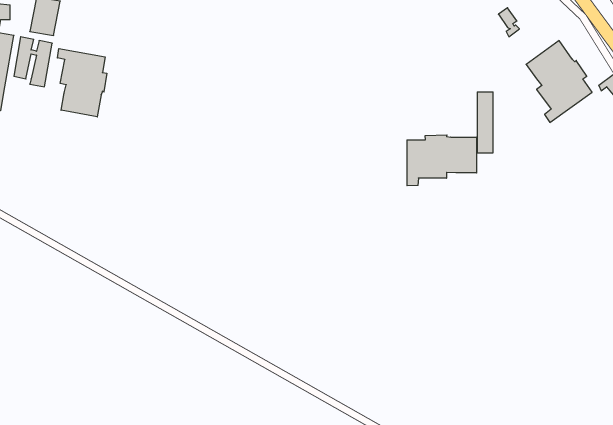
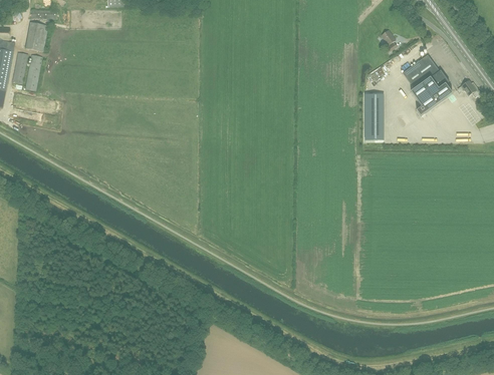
building: [57,49,107,117] -> none
building: [407,135,477,186] -> none

